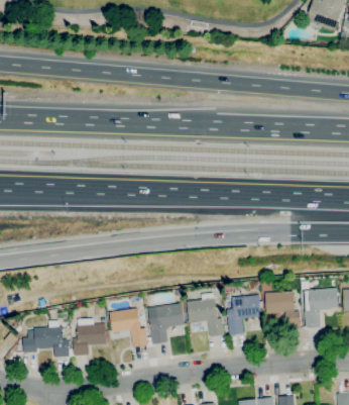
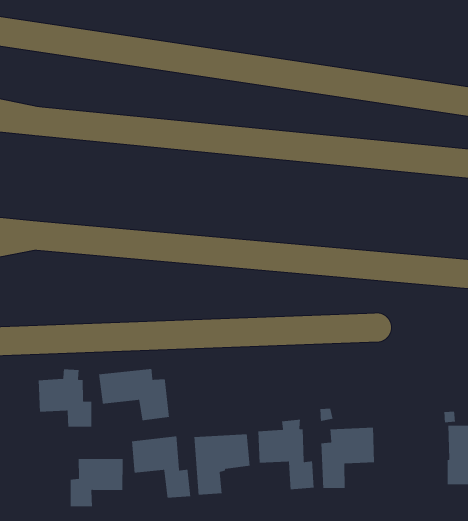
building: none -> [98,368,170,421]
building: [265,292,301,330] -> none
building: [33,321,69,358] -> [38,368,92,427]

